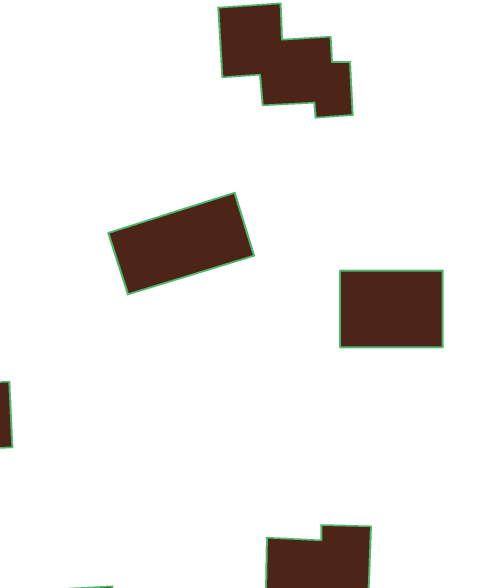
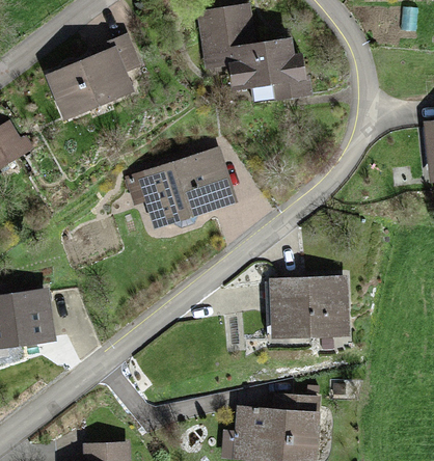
building: none -> [48,42,135,116]
building: [340,271,443,347] -> [270,282,347,340]

